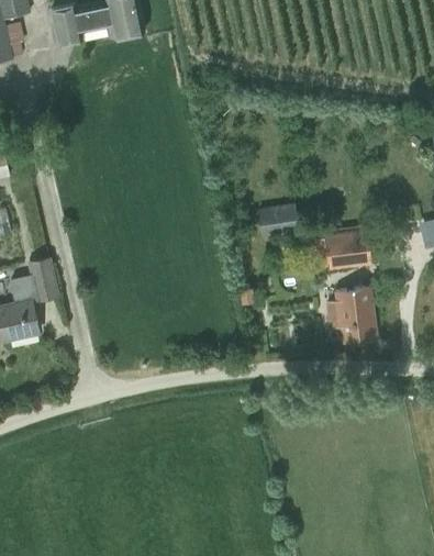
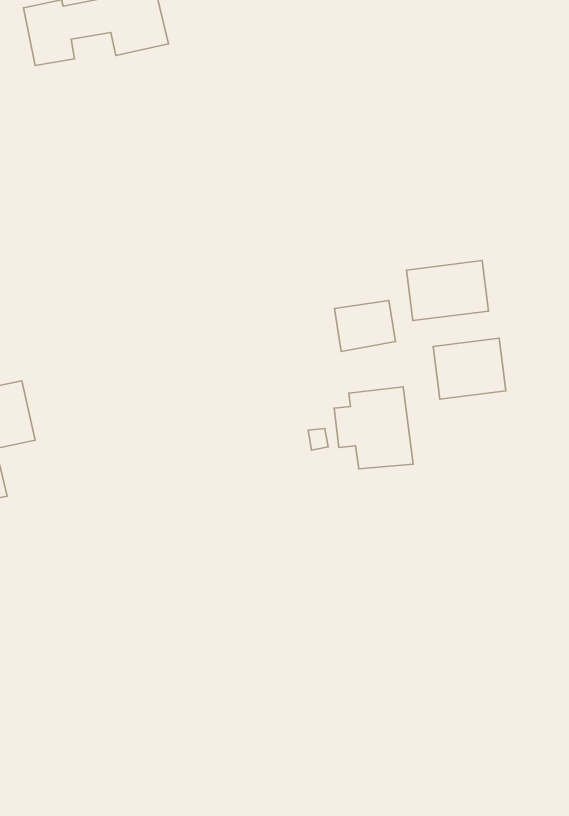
building: none -> [406,261,488,320]
building: [324,287,377,342] -> [334,387,413,469]

